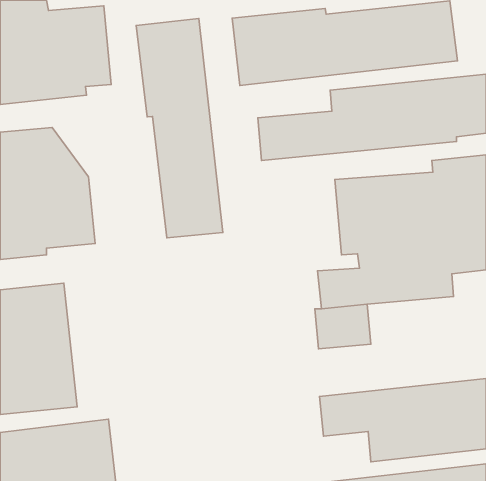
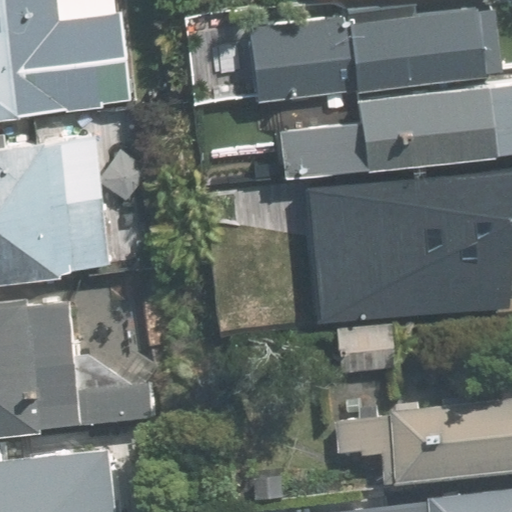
building: [136,19,223,238] -> none

